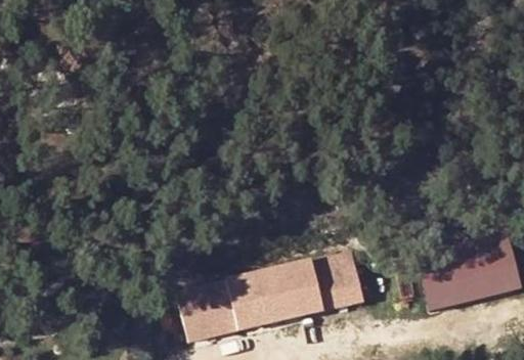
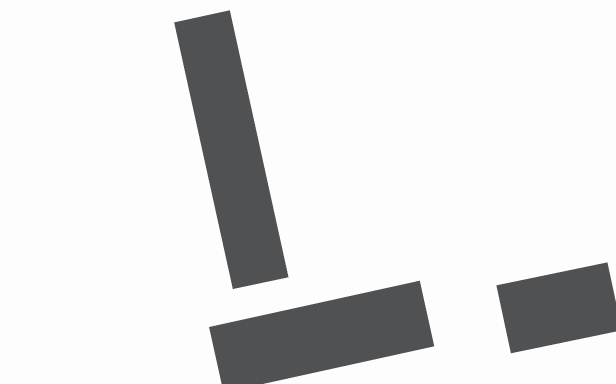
building: none -> [174,10,289,290]

